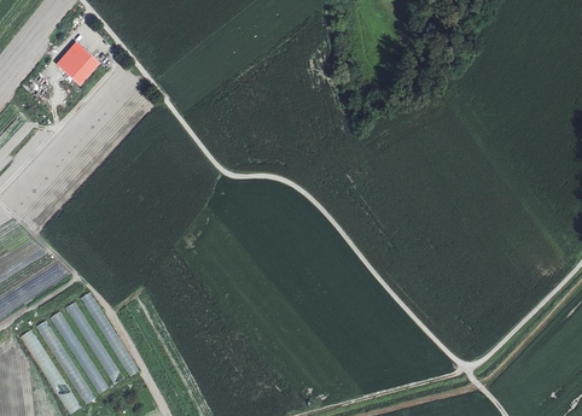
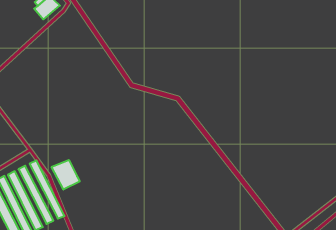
building: none -> [52,160,80,190]

